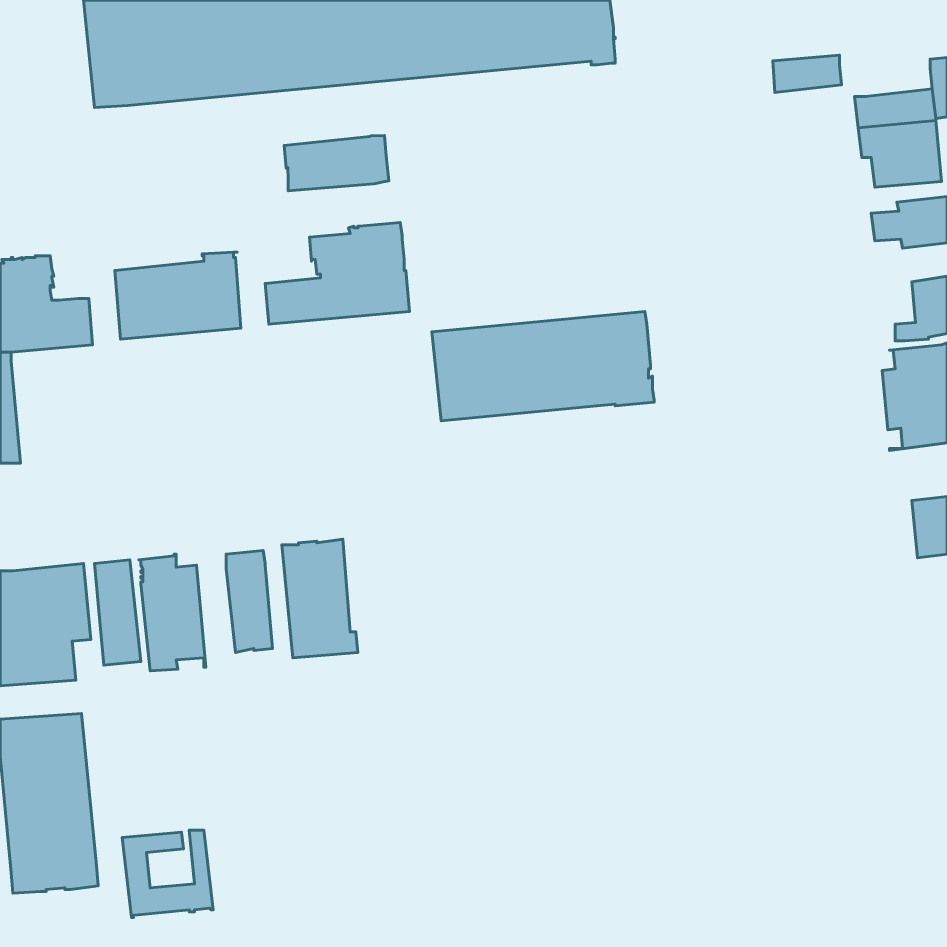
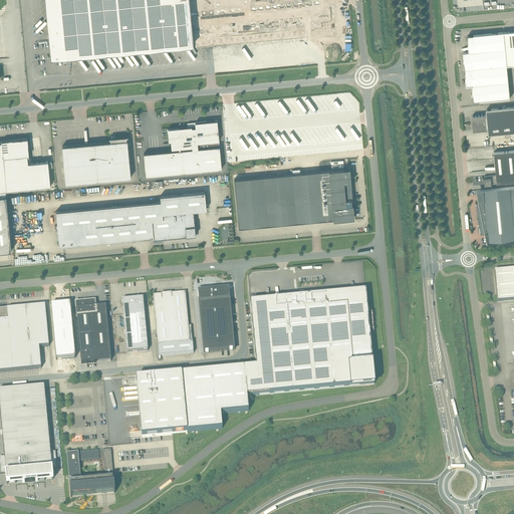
building: [773,55,841,92] -> [468,32,505,52]
building: [284,135,389,191] -> none
building: none -> [56,192,206,246]
building: none -> [198,288,235,352]
building: none -> [137,291,374,437]

